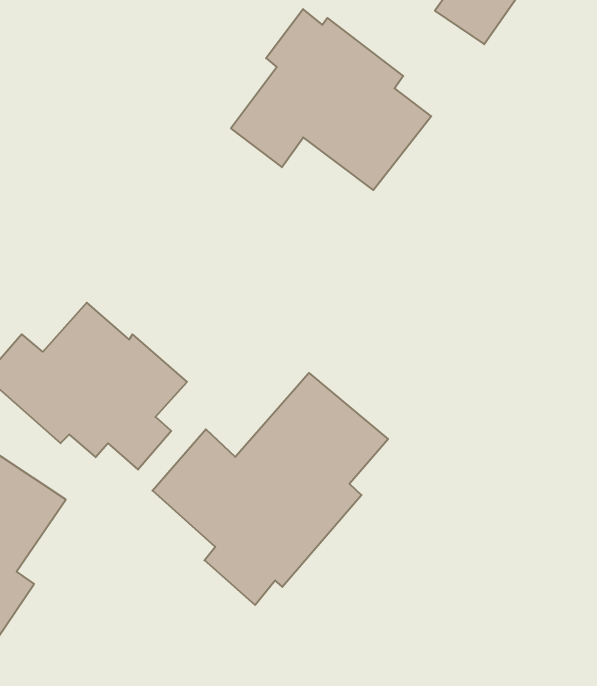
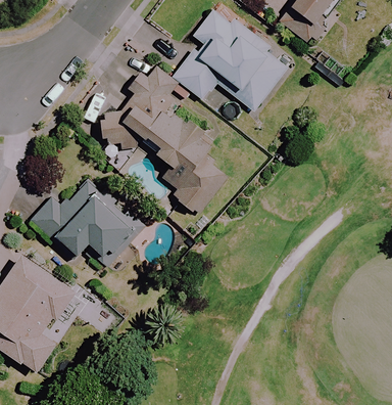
building: none -> [99,68,229,215]
building: [152,373,388,605] -> none

